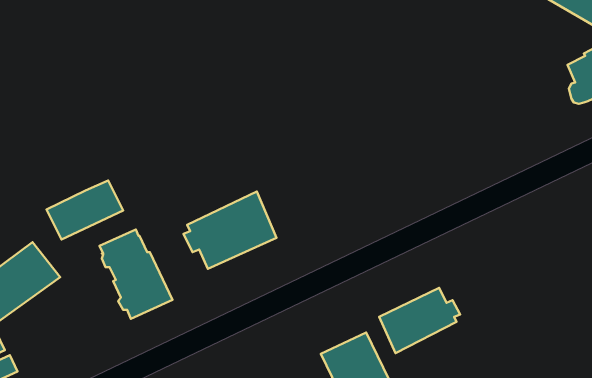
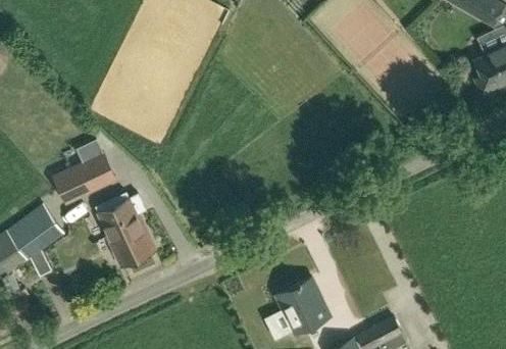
building: [183,191,276,269] -> none
building: [379,288,460,353] -> none

